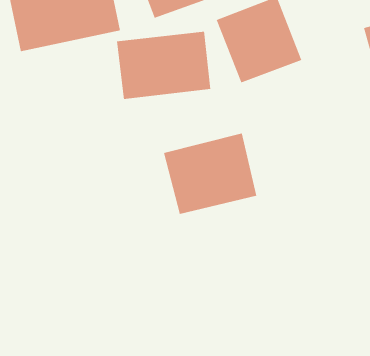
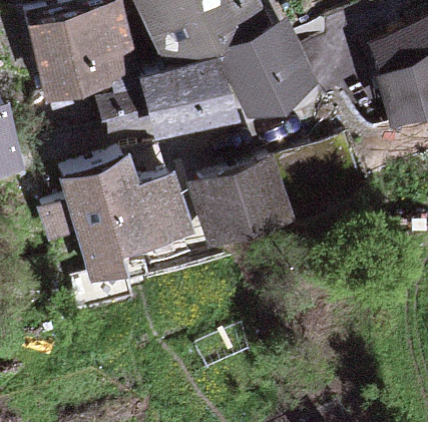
building: none -> [67,158,188,264]

